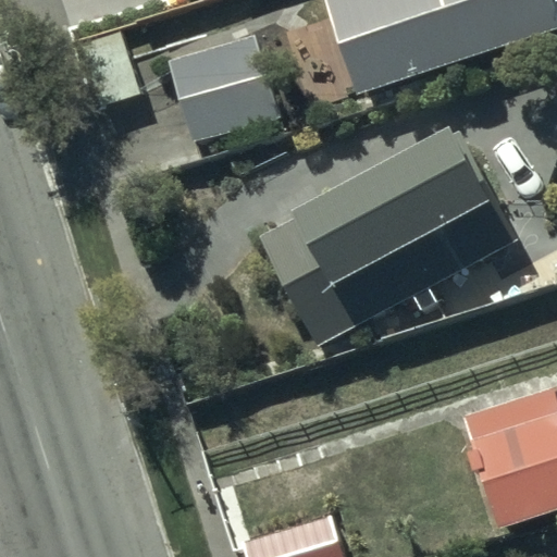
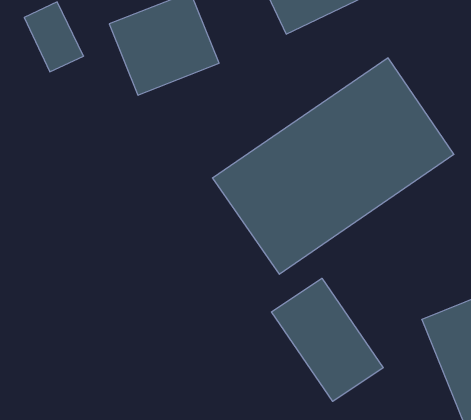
building: none -> [271,278,383,401]

